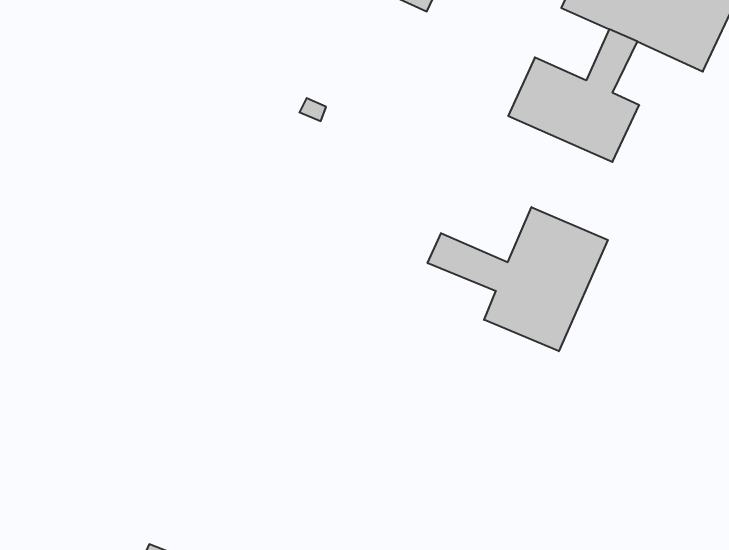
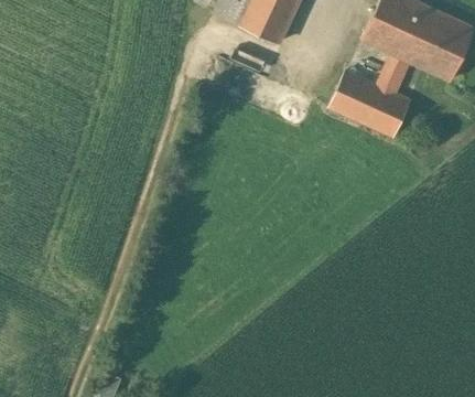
building: [428,207,608,351] -> none

